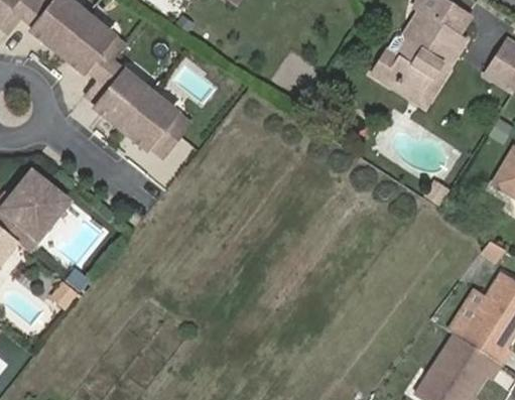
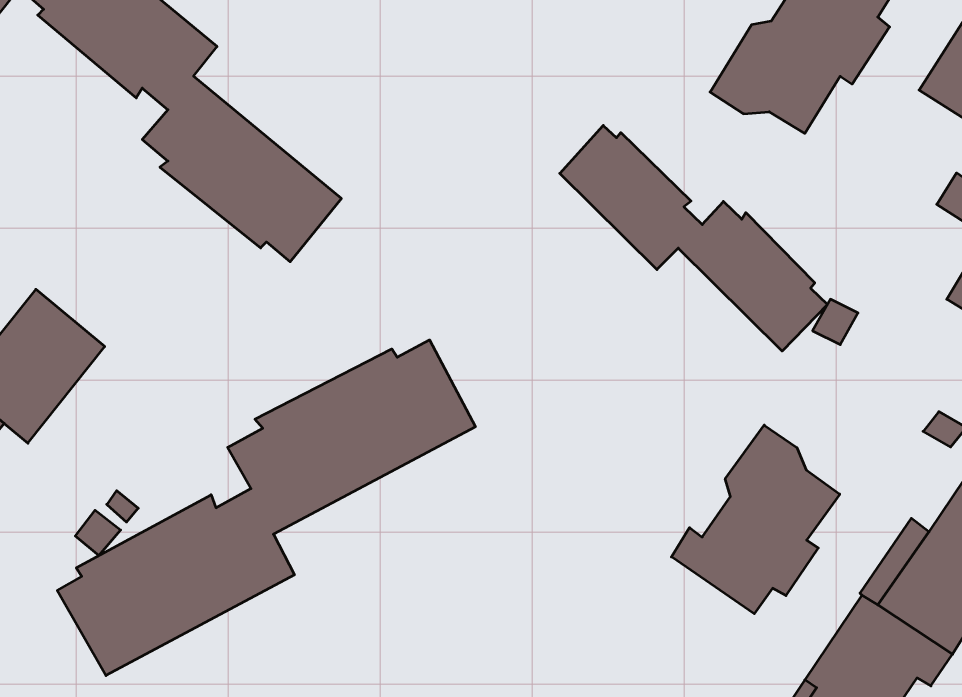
building: none -> [560,125,827,351]
building: none -> [57,340,475,676]
building: none -> [671,425,840,614]

